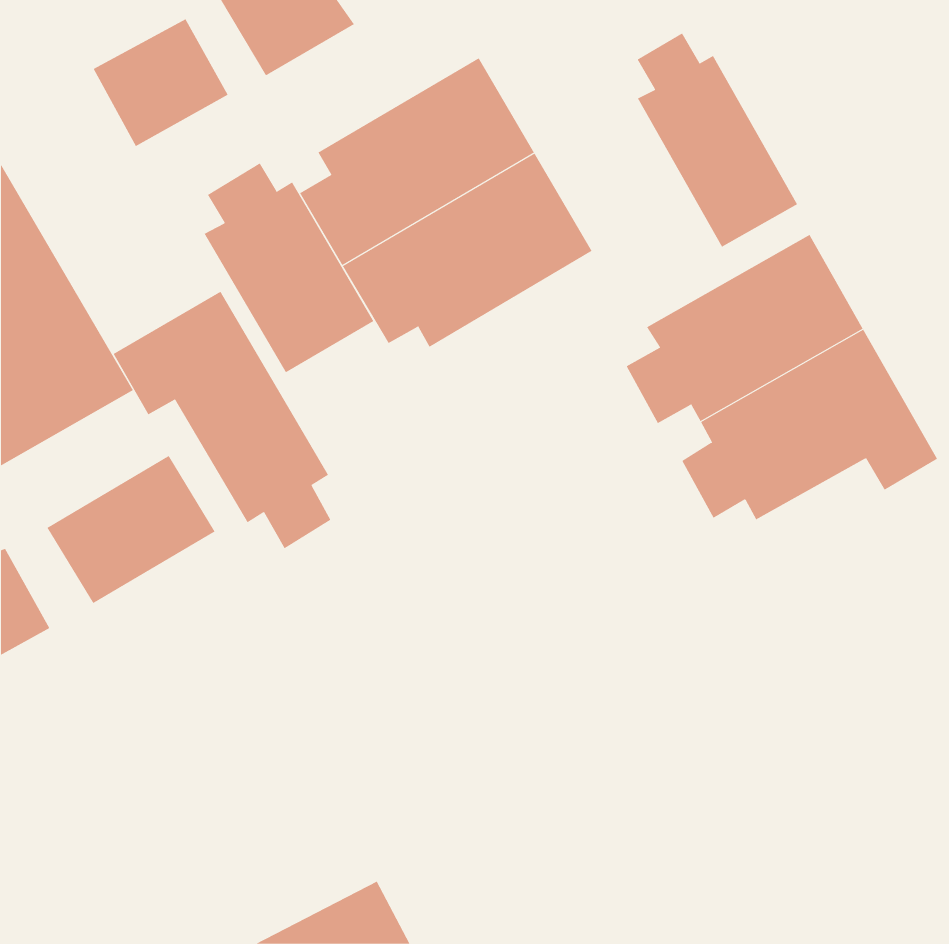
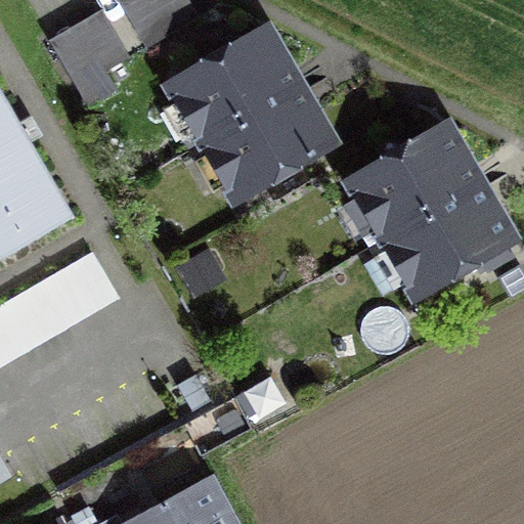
building: [637,32,798,248] -> none
building: [204,163,374,373] -> none
building: [113,291,331,549] -> none

